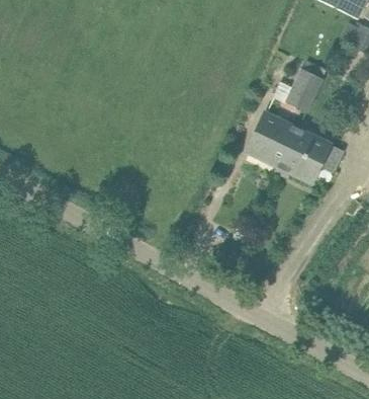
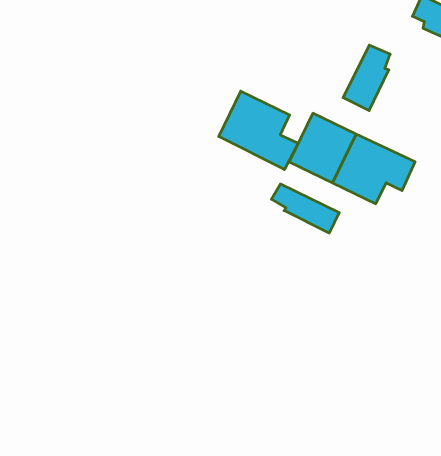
building: none -> [219,91,298,170]
building: none -> [271,184,339,233]

